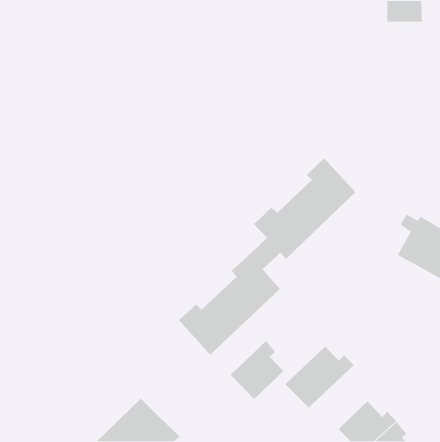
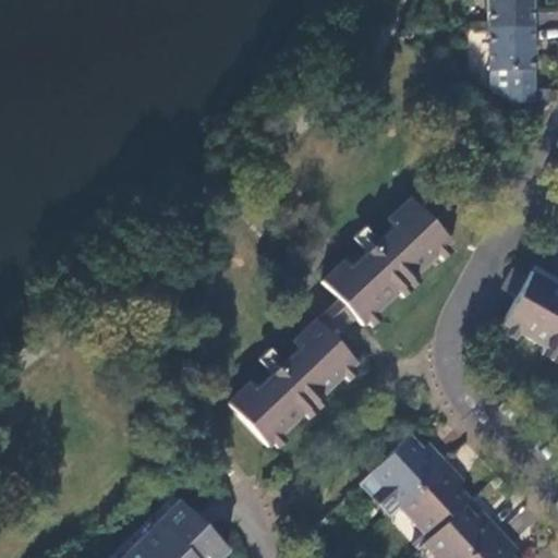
building: none -> [489,28,536,104]
building: [230,340,284,400] -> [403,460,472,535]

